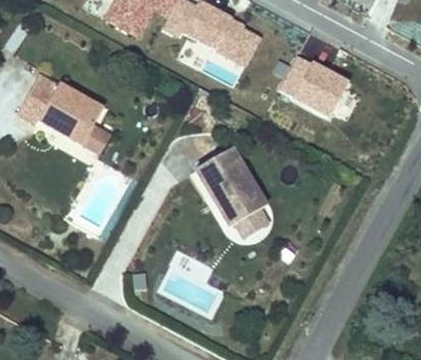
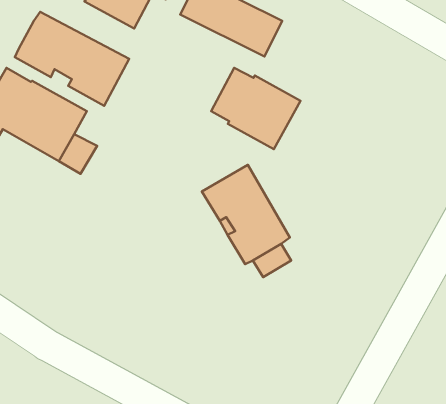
building: none -> [15,12,129,106]
building: [280,56,351,121] -> [211,68,301,149]

